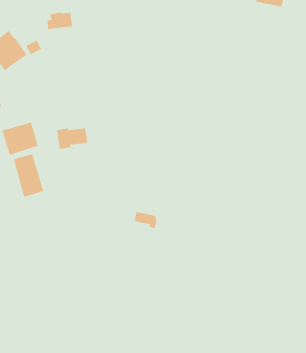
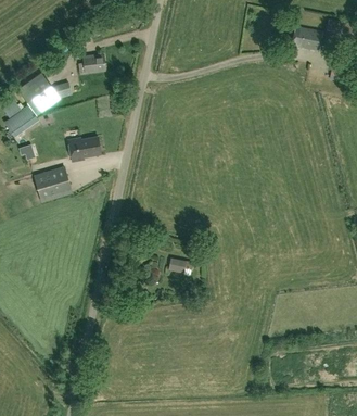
building: [56,127,88,150] -> [68,138,101,161]
building: [13,153,44,198] -> none

